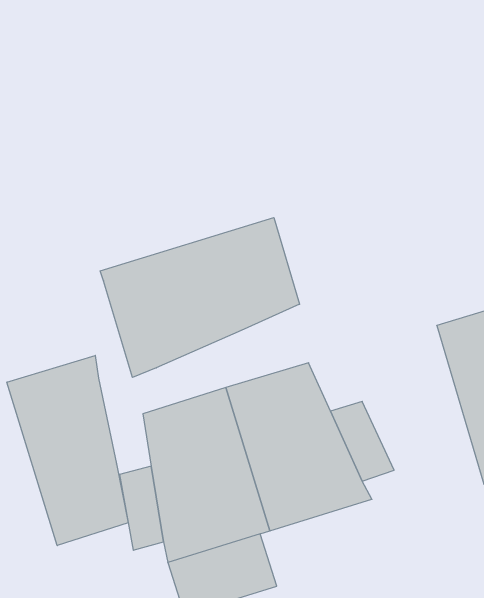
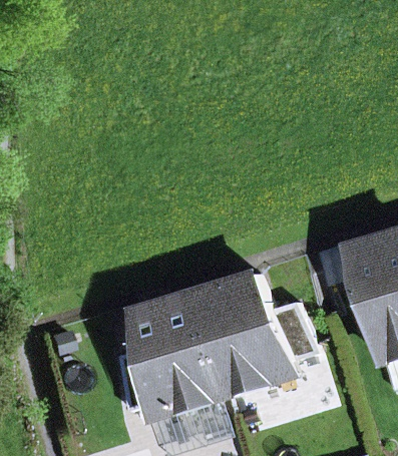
building: [100,218,300,377] -> none
building: [7,355,128,546] -> none

